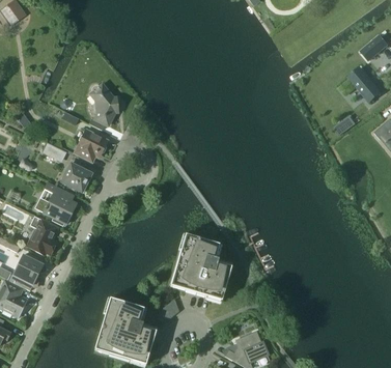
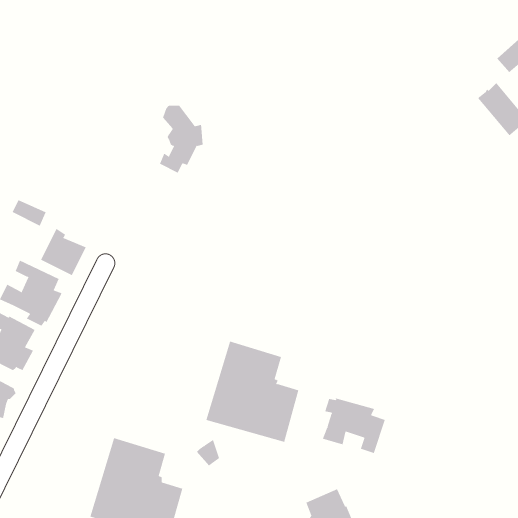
building: [90,86,119,131] -> [159,105,204,173]
building: [75,130,109,163] -> none
building: none -> [322,398,386,454]

